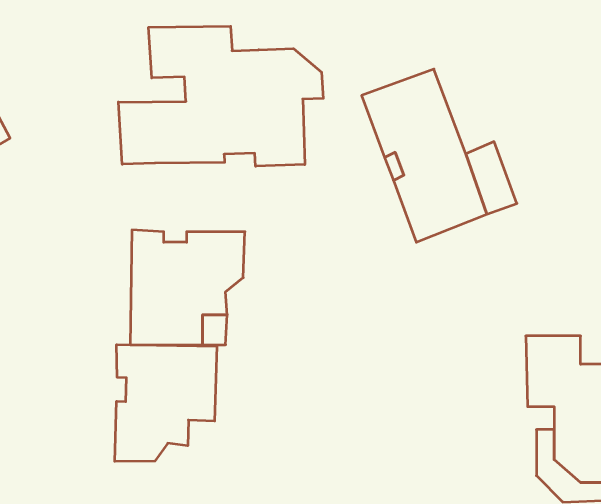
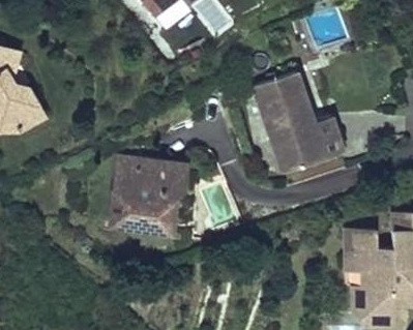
building: [118,26,323,166] -> none
building: [115,345,217,461] -> none

